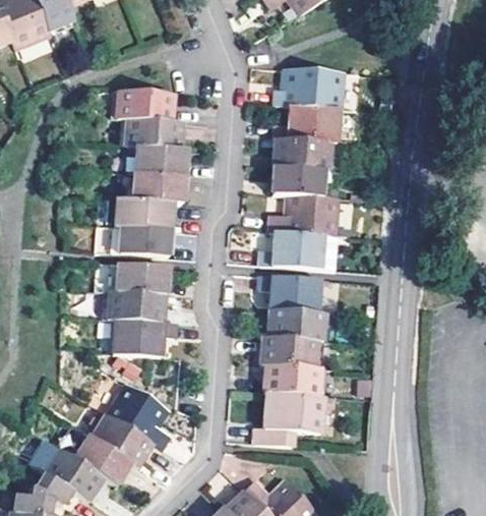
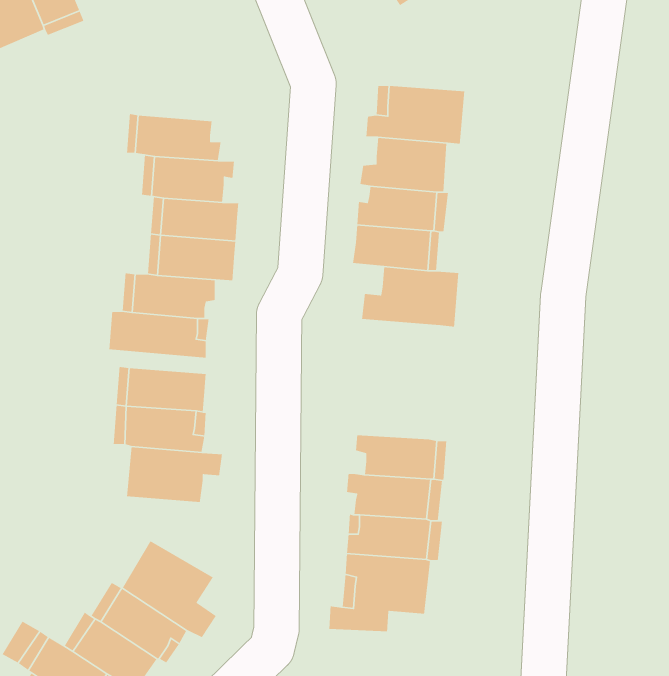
building: [263,231,326,270] -> none
building: [261,275,321,312] -> none

